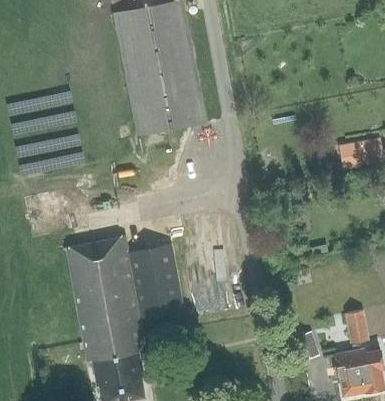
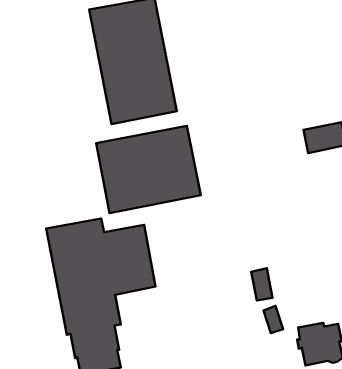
building: none -> [96,126,201,213]
building: [346,309,369,344] -> [251,268,273,301]

